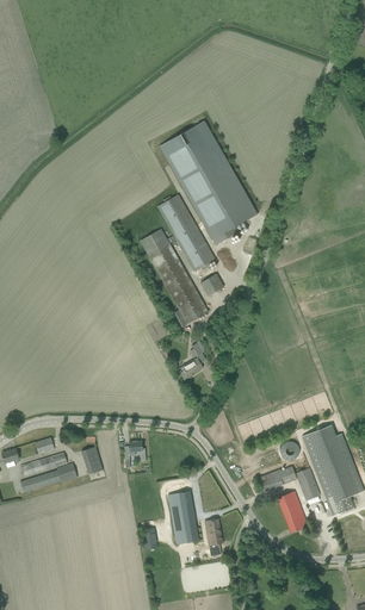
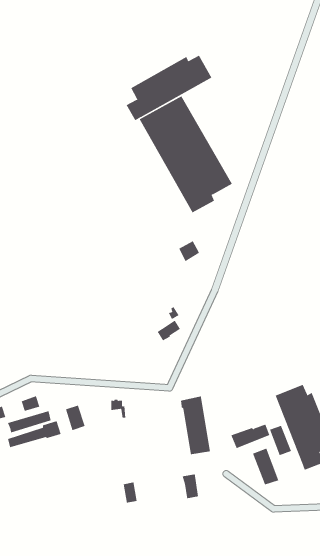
building: none -> [126,55,212,121]
building: [140,194,215,328] -> none
building: [166,481,198,543] -> [180,396,211,455]

